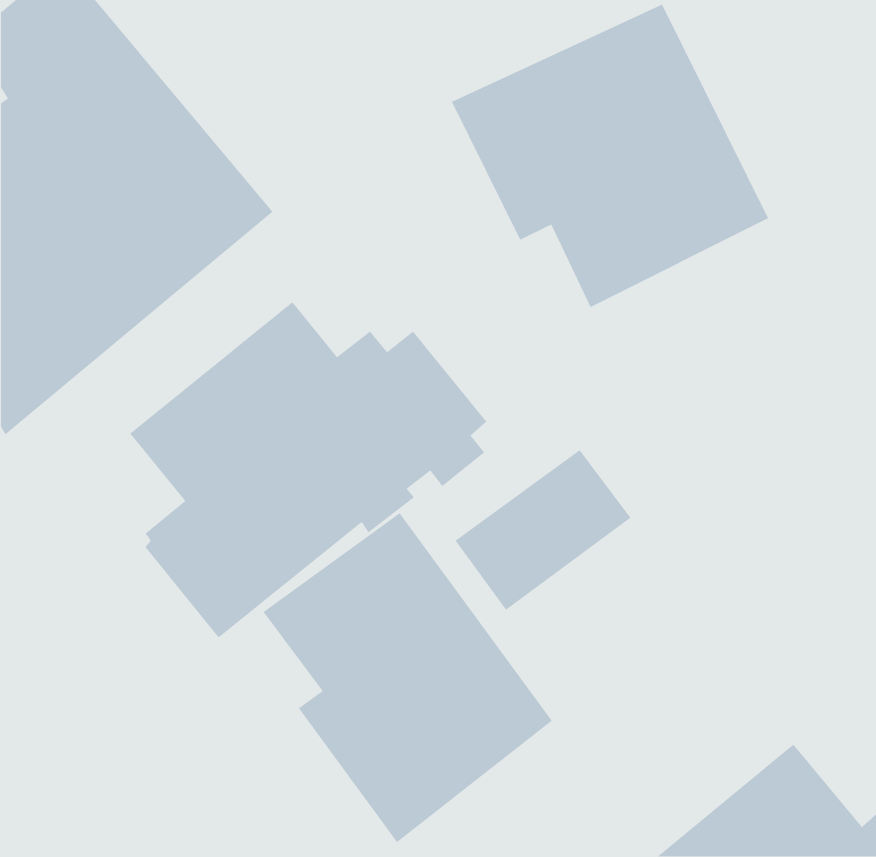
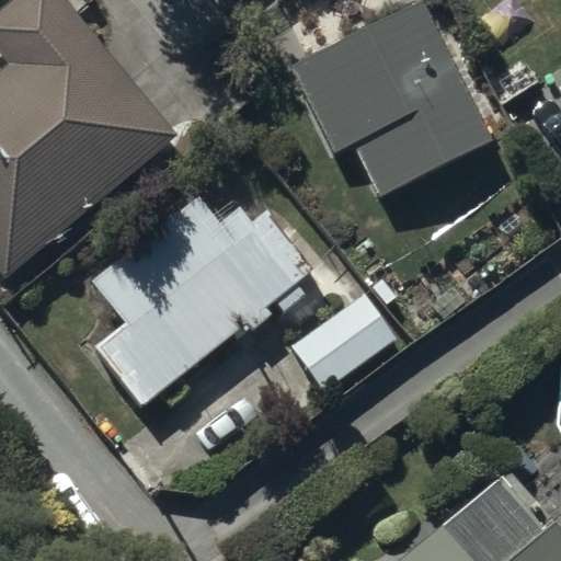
building: [262,512,553,843] -> none

